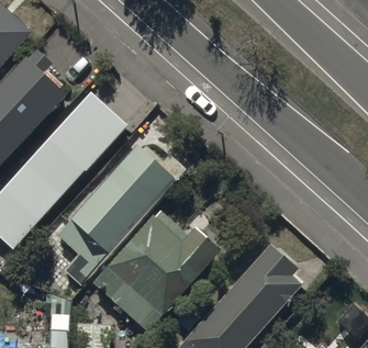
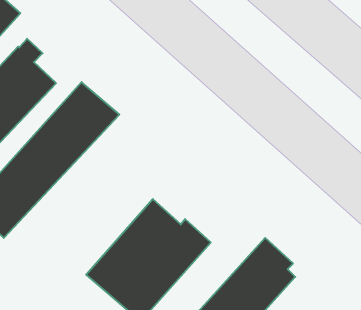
building: [57,146,175,268] -> none

